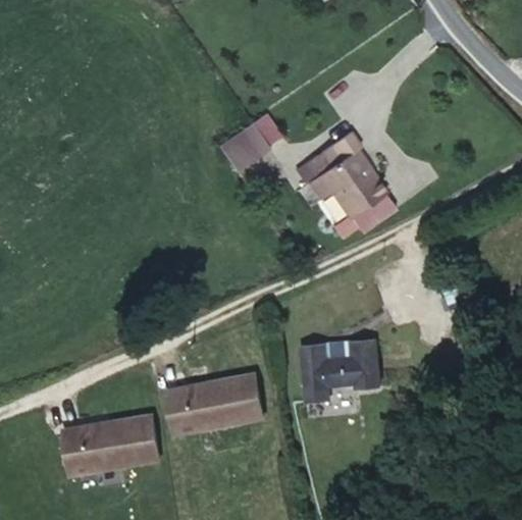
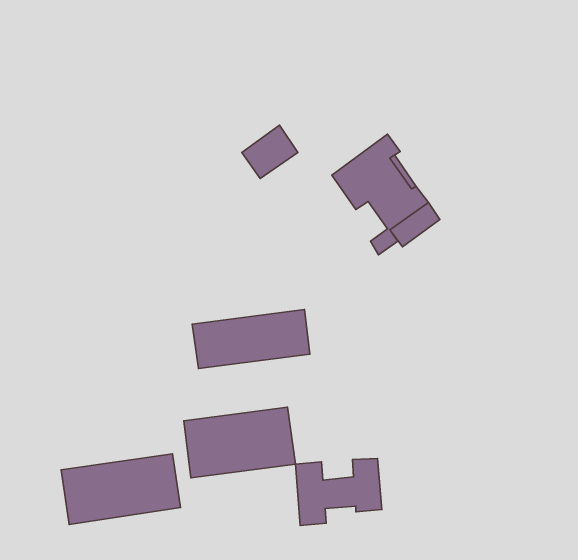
building: none -> [192,310,310,369]
building: [304,336,381,397] -> [295,458,382,526]

